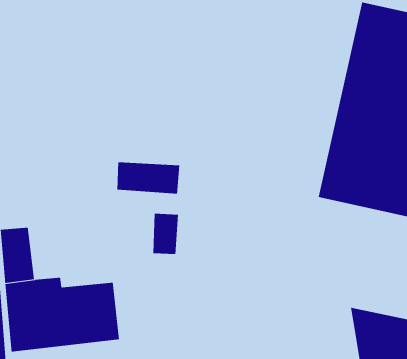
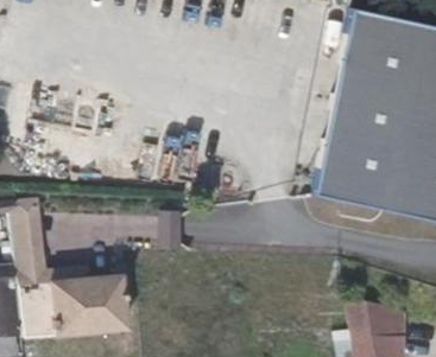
building: [117,162,180,194] -> none

